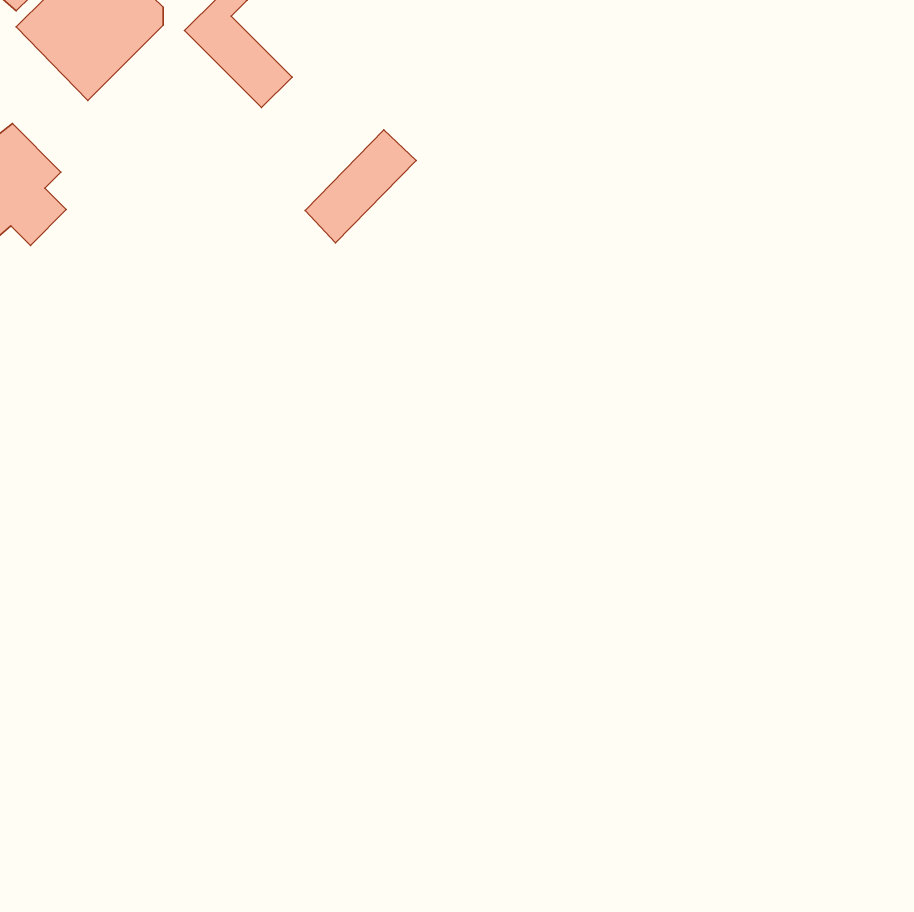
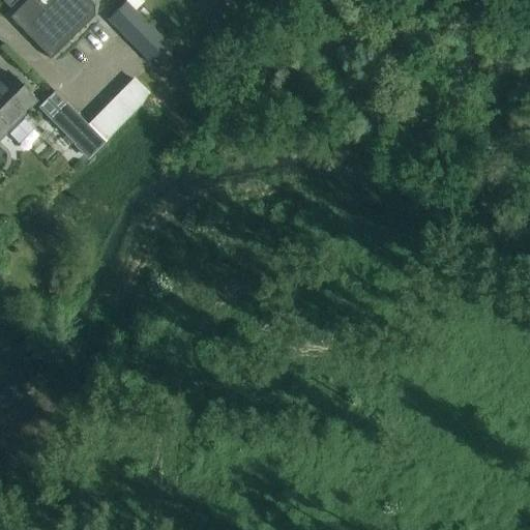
building: [305,130,416,243] -> [90,72,154,138]
building: none -> [37,90,104,156]

